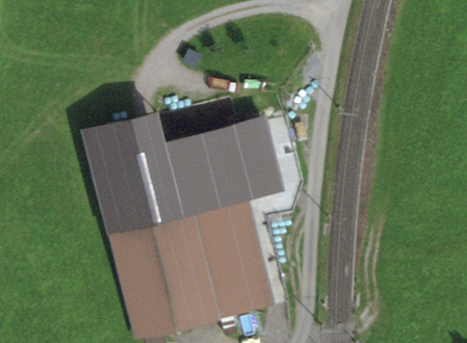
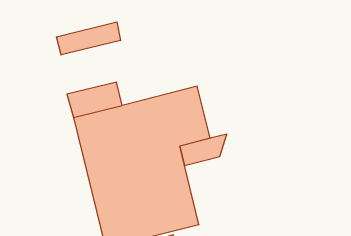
building: none -> [57,22,121,55]

